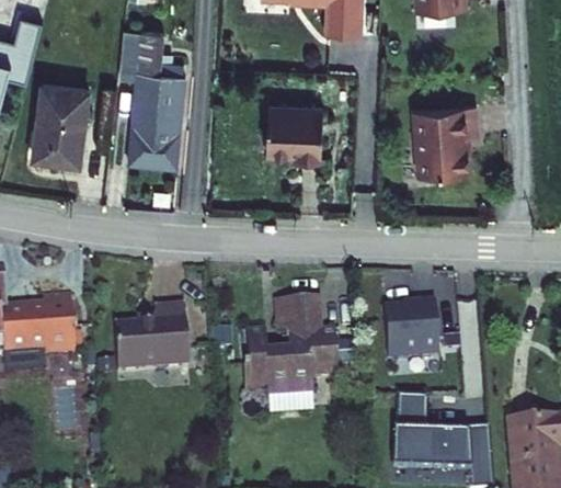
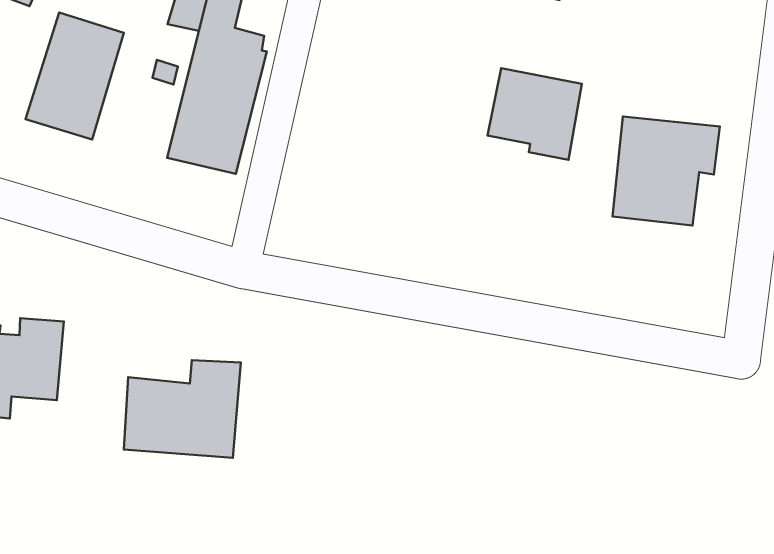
building: [266,103,322,156] -> [487,68,582,160]
building: [249,298,343,397] -> none
building: [378,299,435,361] -> none

